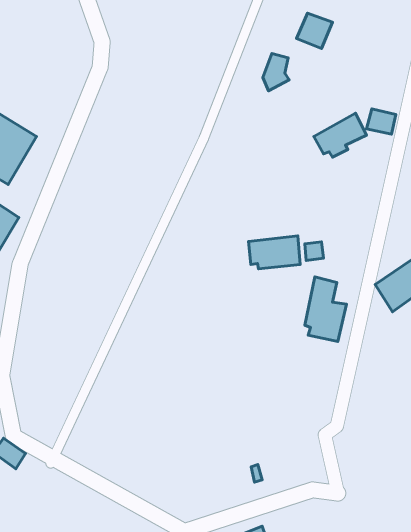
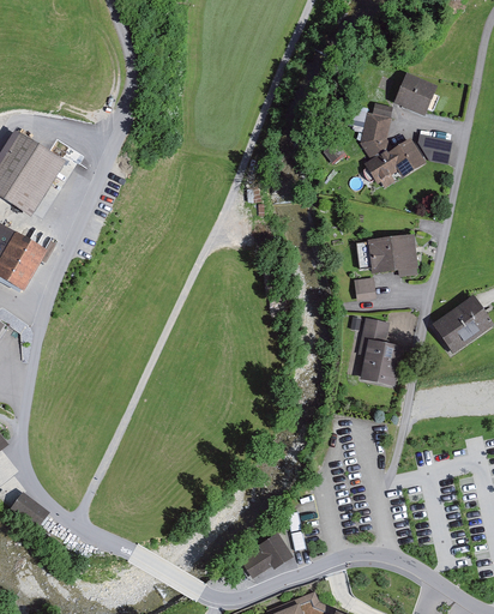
building: [296,13,333,48] -> [393,74,433,113]
building: [263,53,289,91] -> [363,114,392,155]
building: [249,236,300,269] -> [359,235,415,271]
building: none -> [246,532,291,573]

